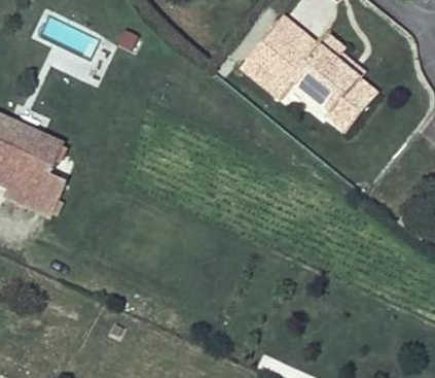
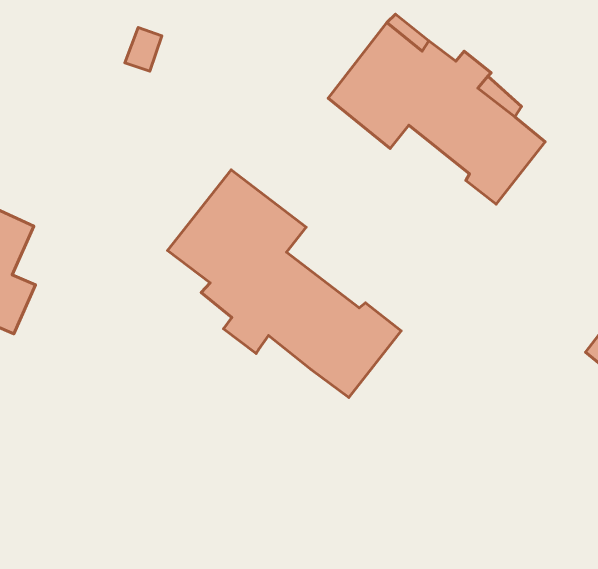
building: none -> [167,170,401,397]

